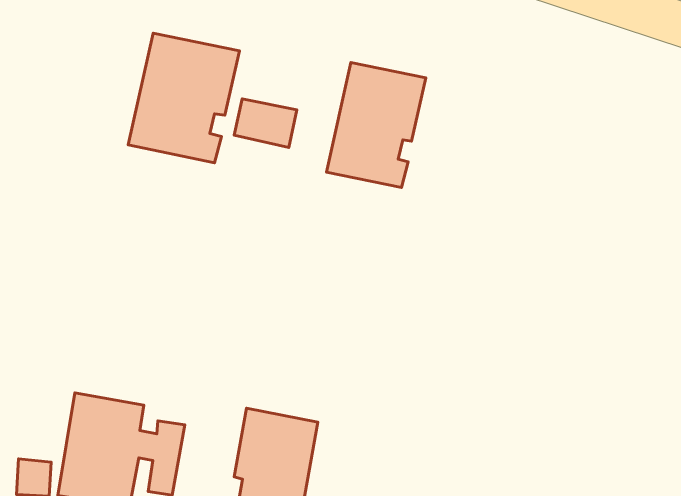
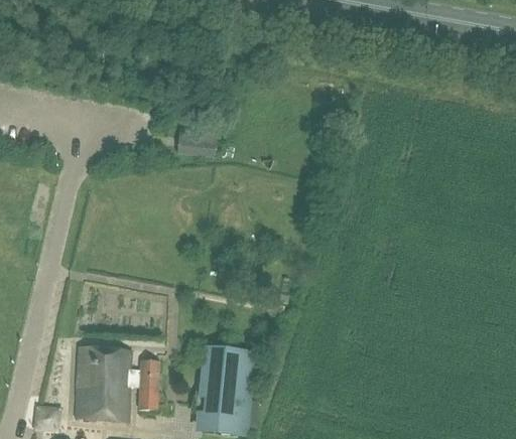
building: [128,33,239,163] -> none
building: [327,62,426,188] -> none

